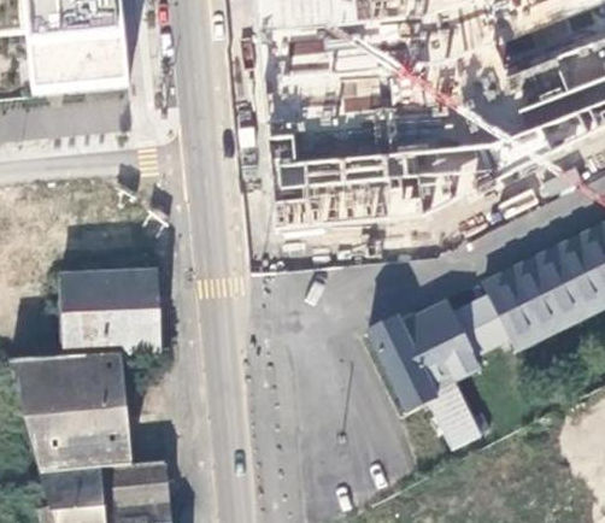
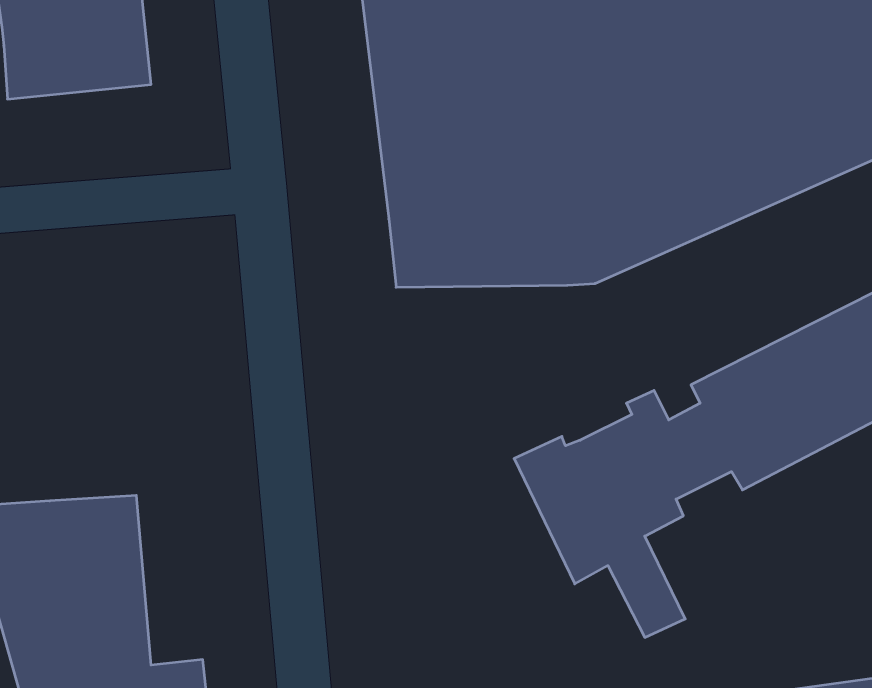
building: [58,268,165,357] -> none

